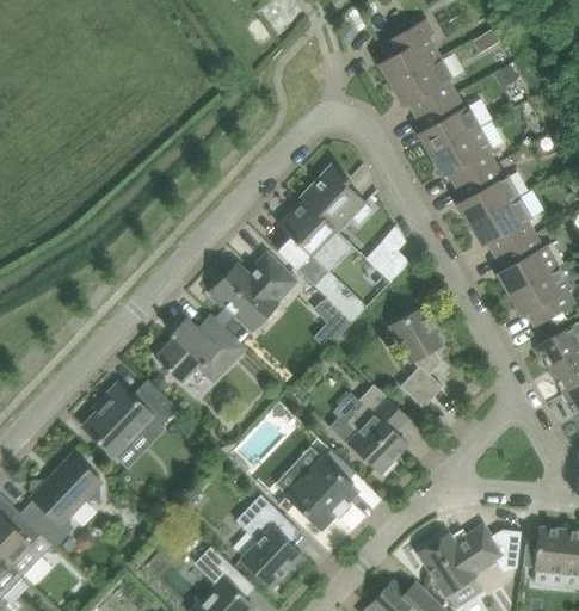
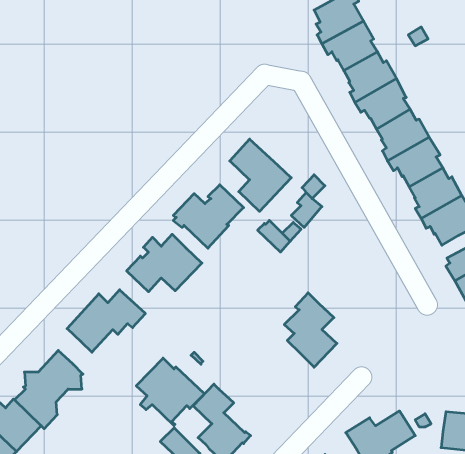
building: [301,163,365,232] -> none
building: [390,308,443,408] -> none
building: [276,448,358,529] -> [136,358,205,425]

